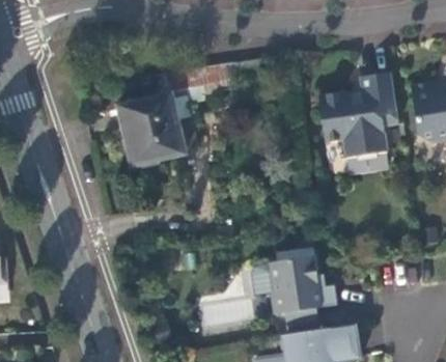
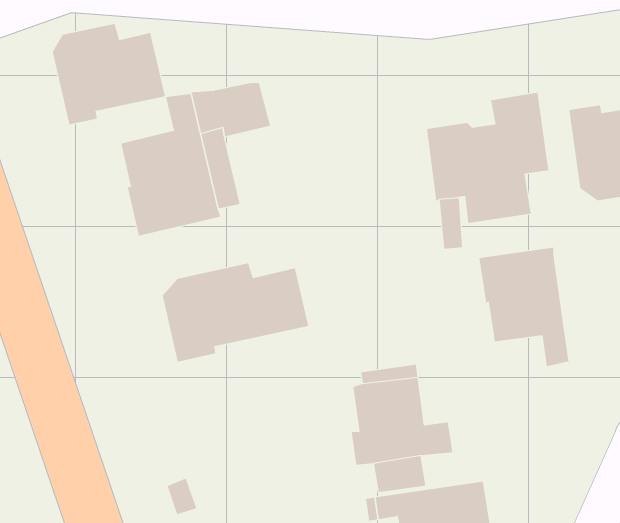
building: none -> [52,23,166,125]
building: none -> [479,247,569,367]
building: none -> [162,263,309,362]

